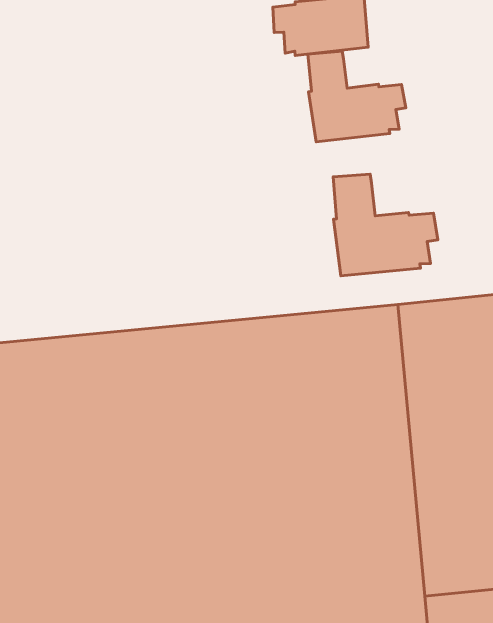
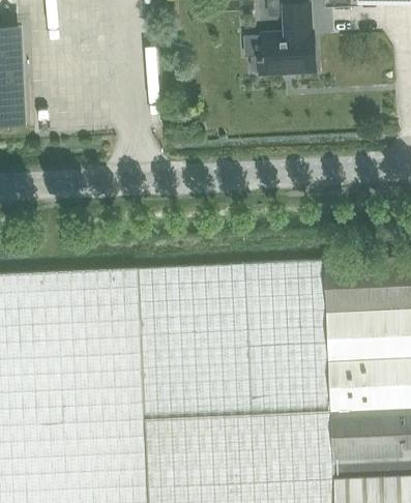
building: [308,51,406,142] -> none
building: [333,174,438,276] -> none

